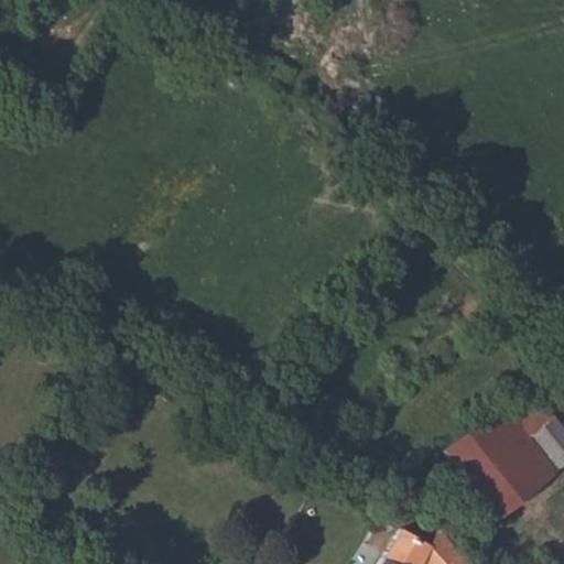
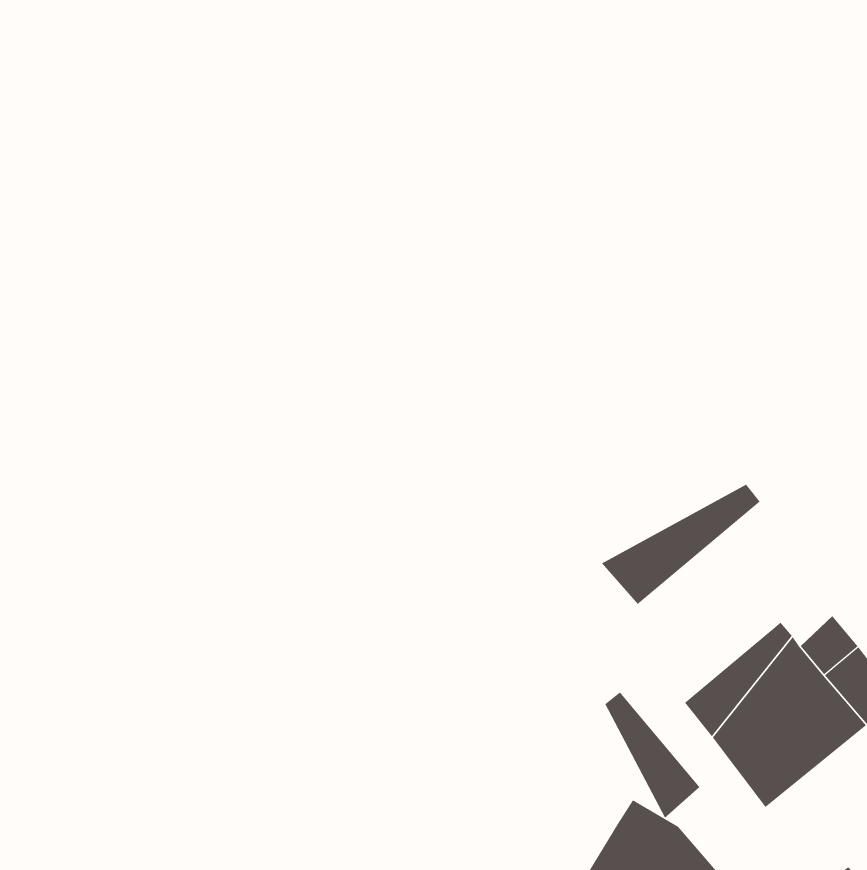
building: none -> [601,484,761,605]
building: none -> [605,692,700,818]

